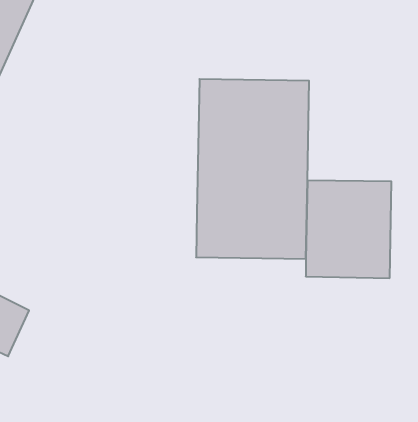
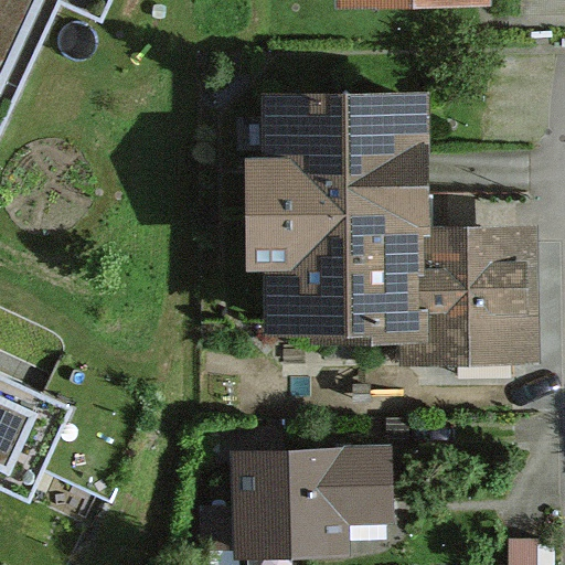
building: none -> [238,446,403,547]

